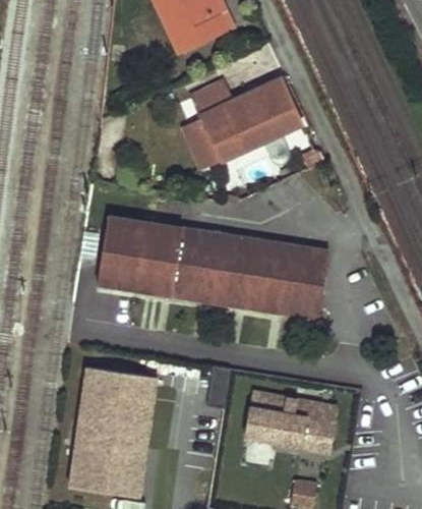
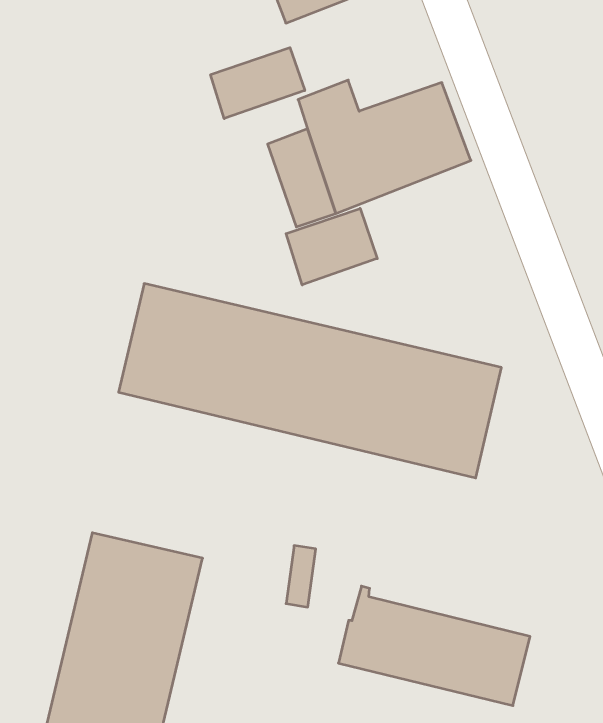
building: none -> [211,48,305,119]
building: none -> [286,208,377,285]

